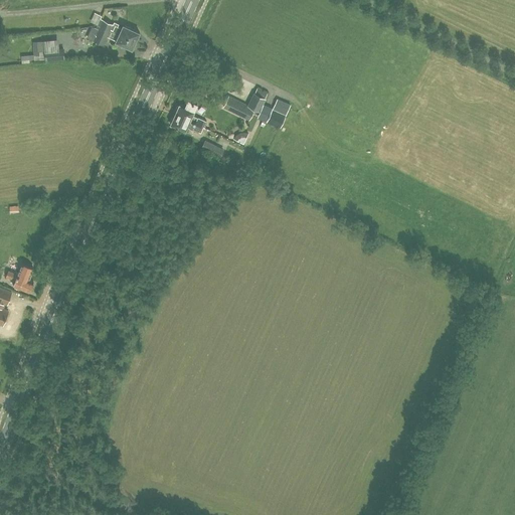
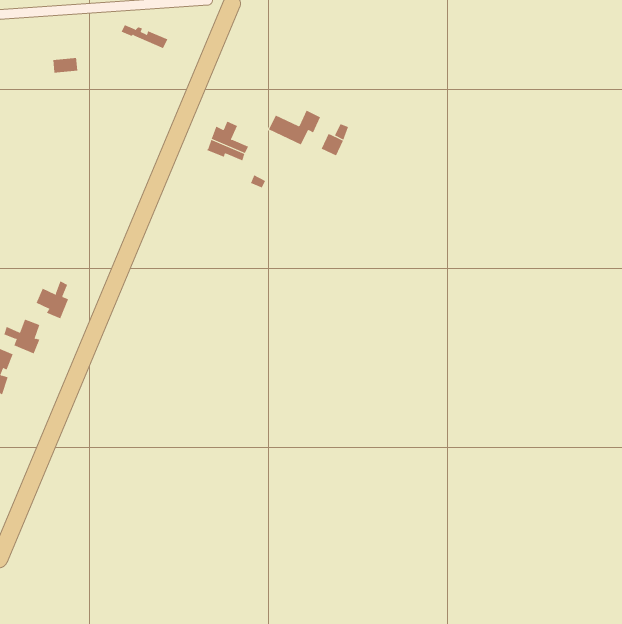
building: [94,26,135,48] -> none
building: none -> [36,280,69,319]

